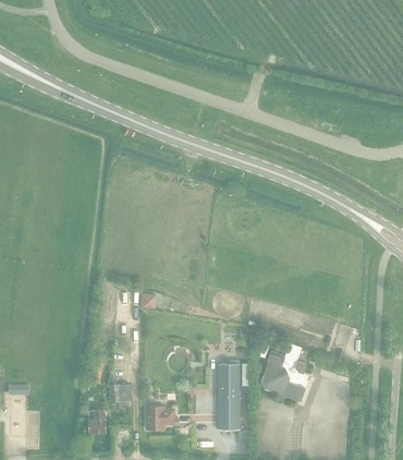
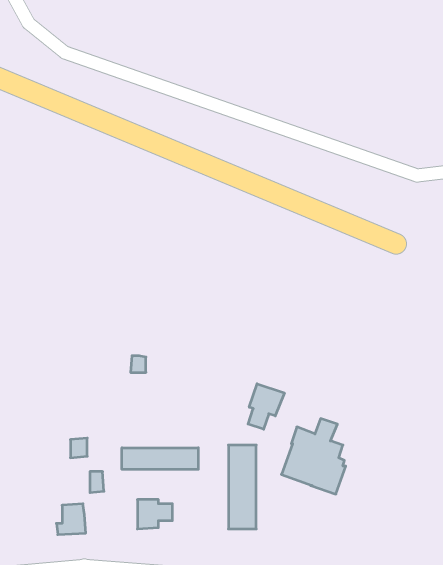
building: none -> [248,384,284,429]
building: none -> [122,448,198,469]

